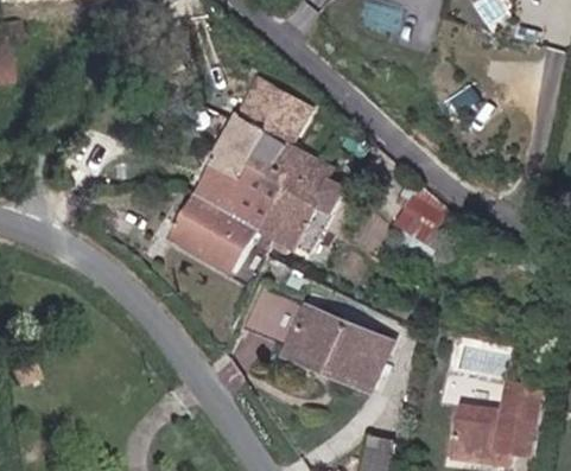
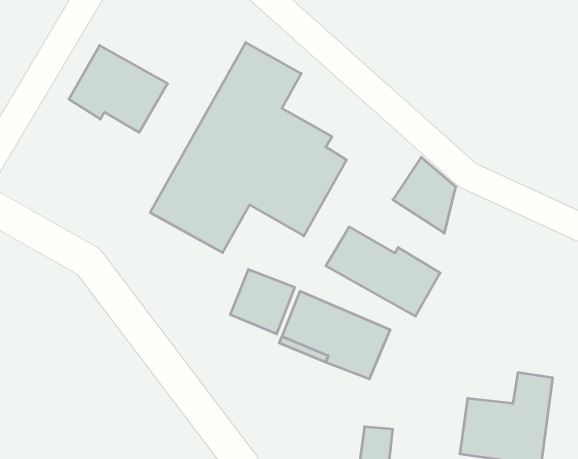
building: none -> [69,45,168,132]
building: none -> [326,227,440,316]

